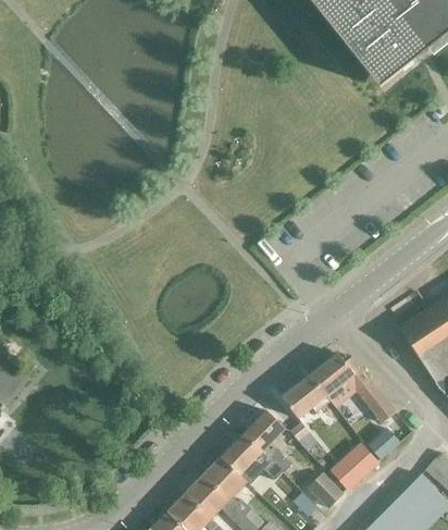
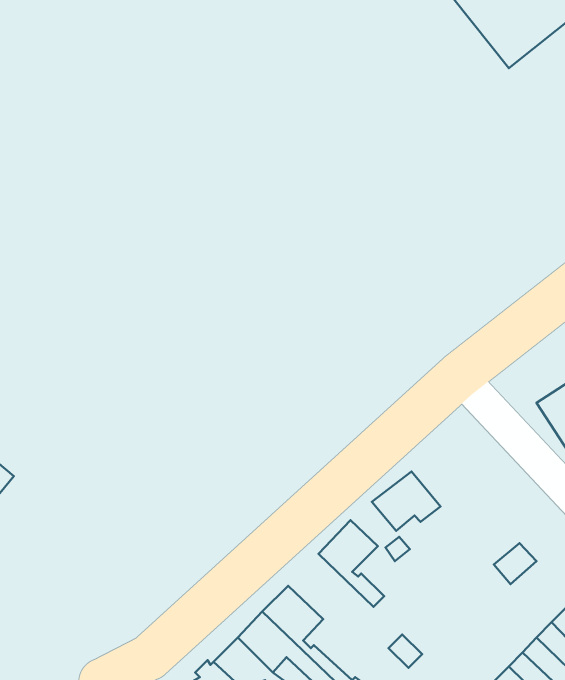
building: [309,353,395,422] -> none
building: [221,434,282,484] -> none
building: [328,442,376,489] -> none
building: [308,472,343,507] -> none

